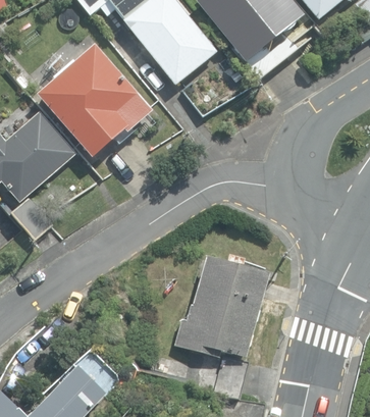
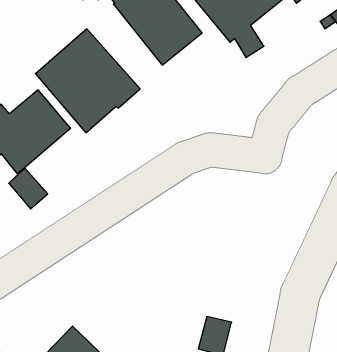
building: [174,254,268,357] -> none

